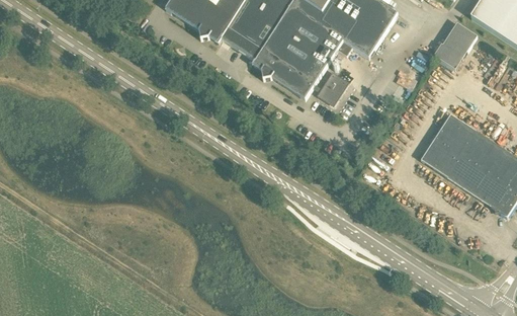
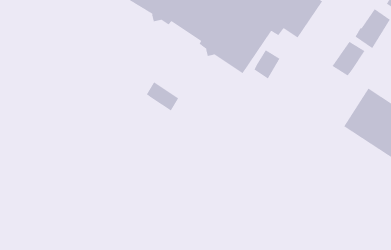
building: none -> [331,41,366,77]
building: none -> [146,81,179,111]

